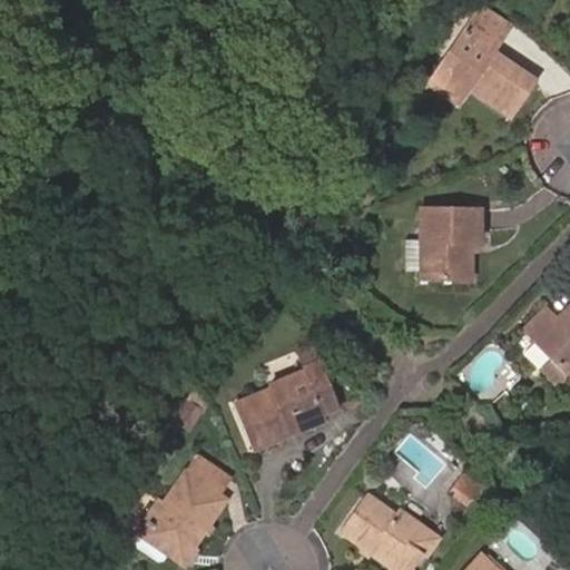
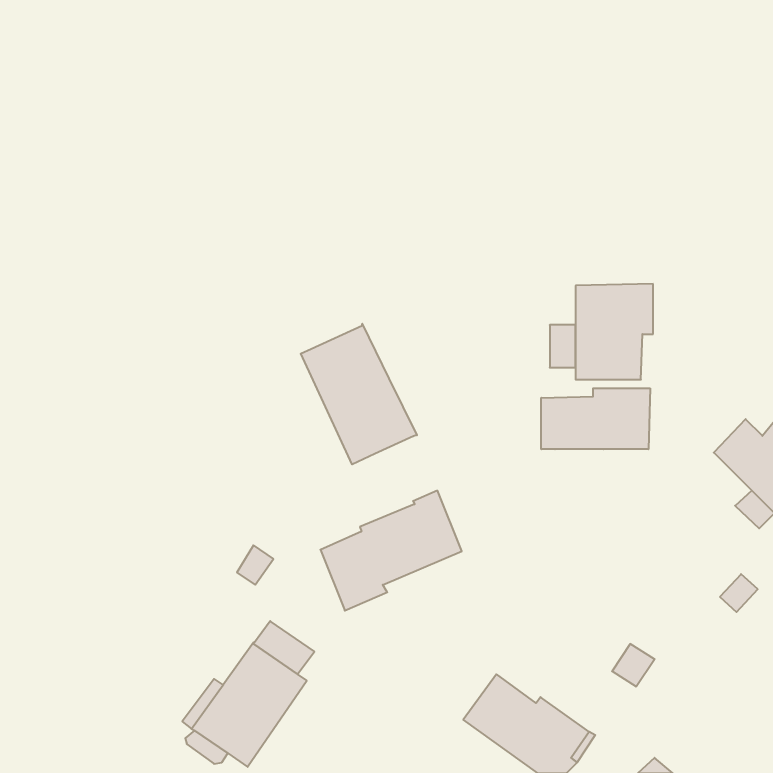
building: [431,8,537,116] -> none
building: none -> [301,324,417,464]
building: none -> [541,388,650,449]

